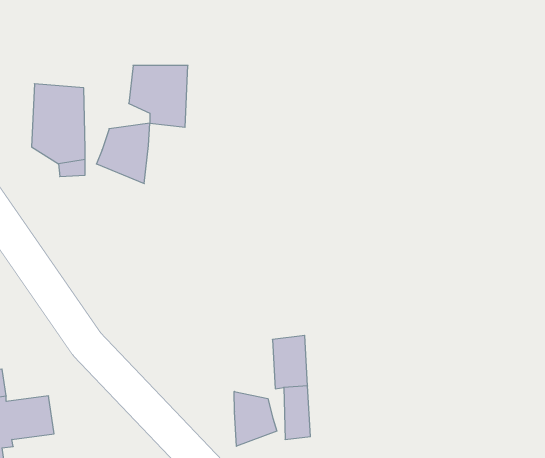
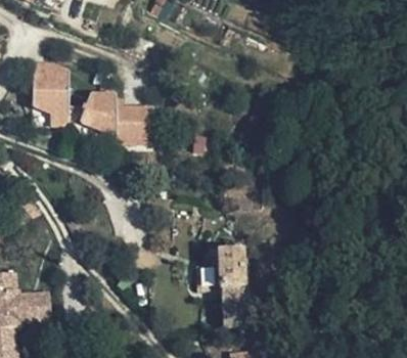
building: [129,65,188,127] -> [115,107,157,152]
building: [234,391,277,446] -> none

